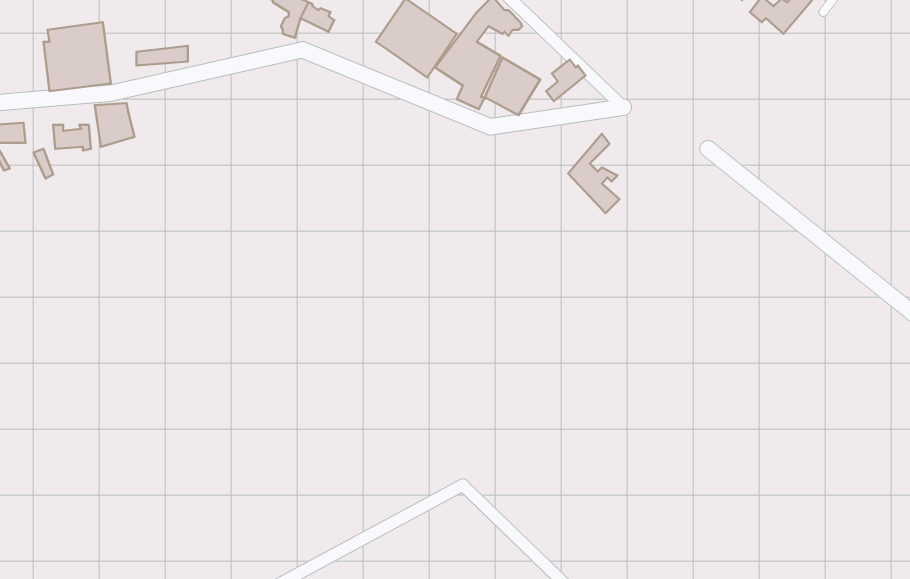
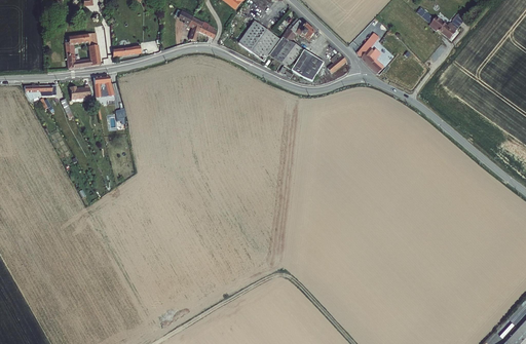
building: [568,134,619,213] -> [358,32,384,73]

